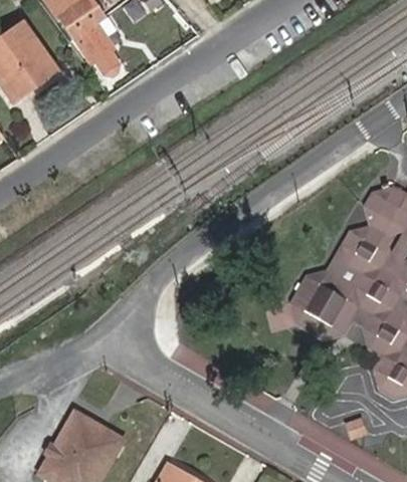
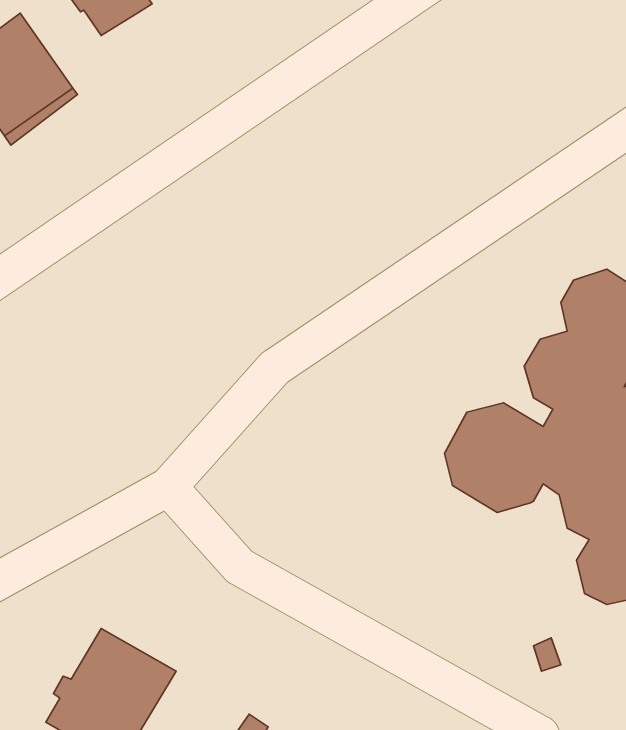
building: [73,21,119,72] -> none

